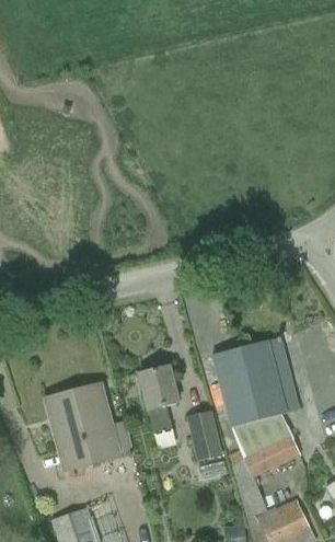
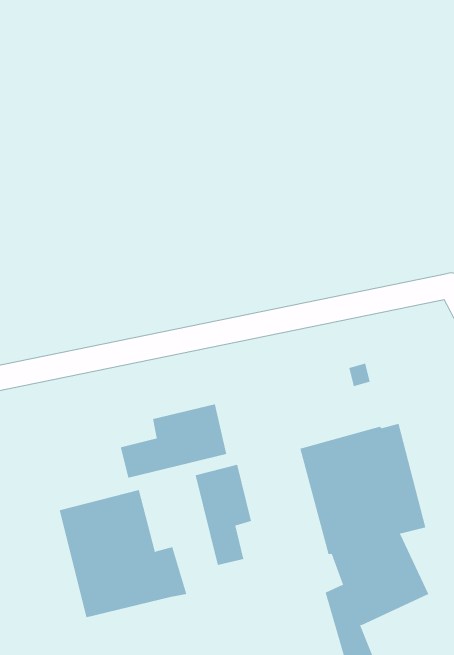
building: none -> [120,403,227,479]
building: [188,411,221,462] -> none

